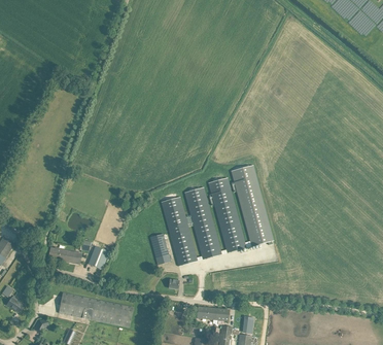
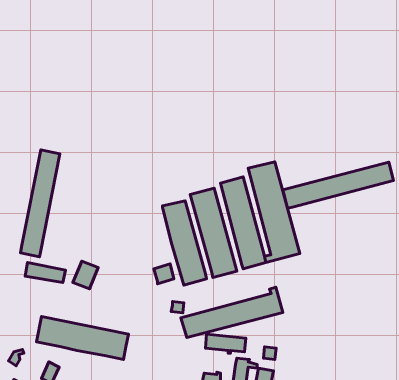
building: none -> [21,150,60,257]
building: none -> [283,162,394,208]
building: none -> [181,287,283,337]

